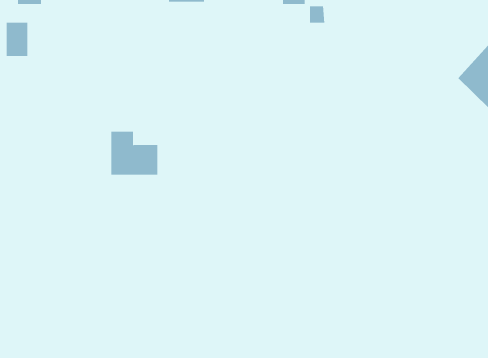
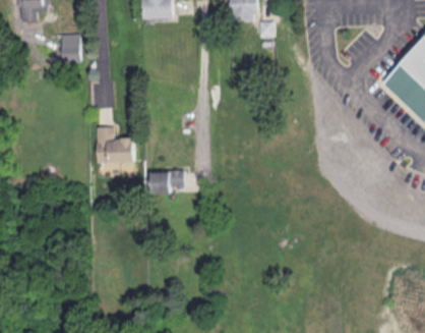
building: [6,22,28,56] -> [61,34,79,62]
building: none -> [150,171,184,196]

